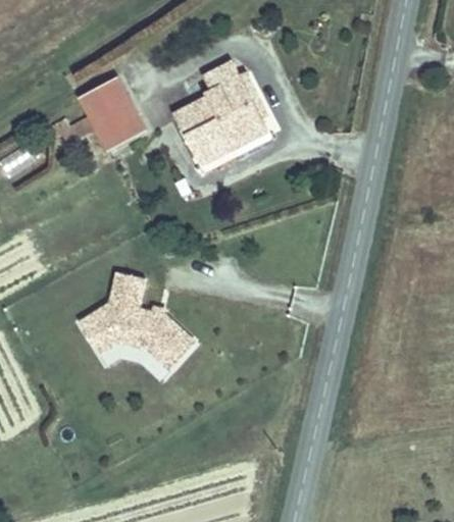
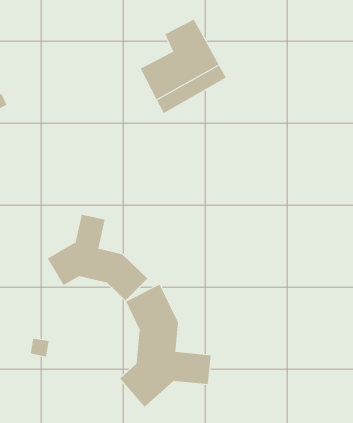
building: [78,75,142,146] -> none
building: none -> [120,284,211,407]

